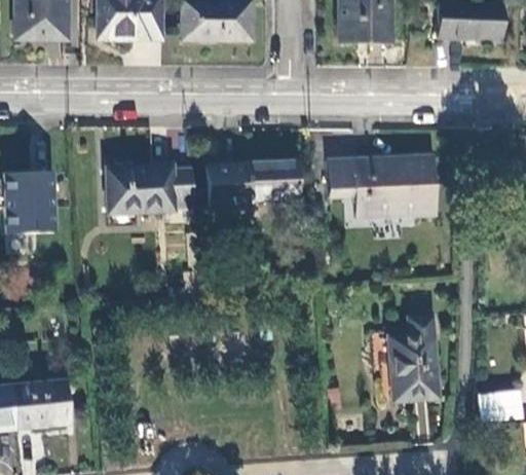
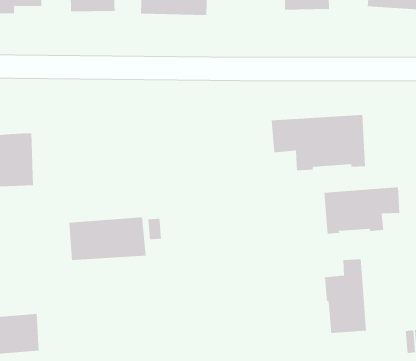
building: [208,163,298,215] -> none
building: [108,168,196,217] -> [69,217,147,261]
building: none -> [324,186,400,235]

